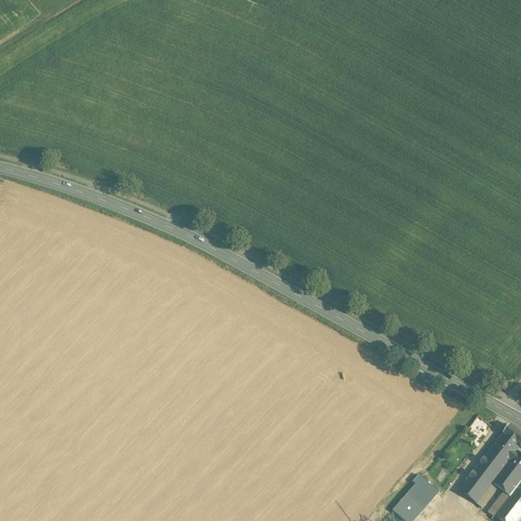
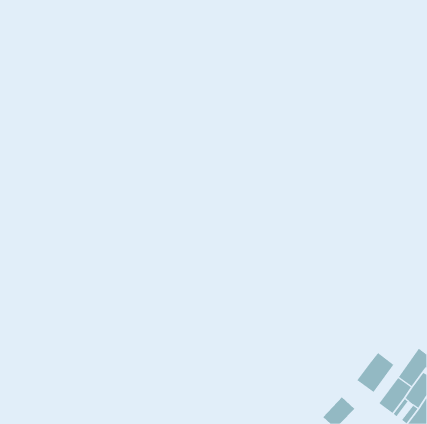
building: none -> [357,352,394,393]

